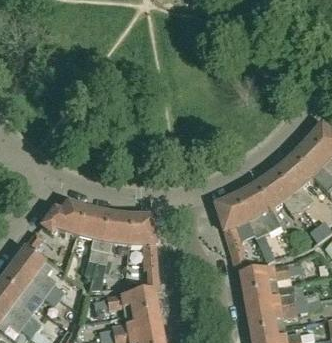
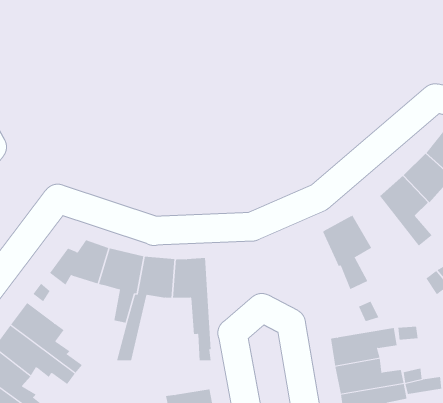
building: [258,170,305,214] -> none
building: [216,195,248,273] -> none
building: [106,288,156,313] -> none

